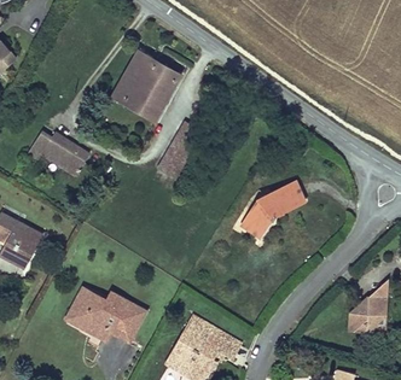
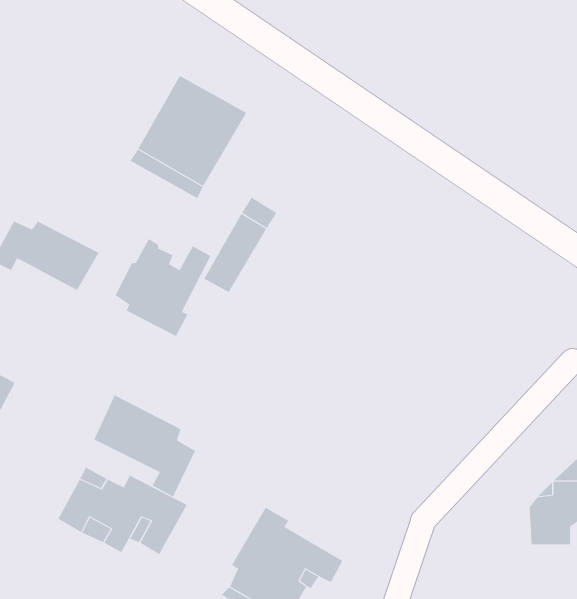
building: none -> [115,238,211,337]
building: [240,179,304,234] -> none
building: none -> [94,394,196,497]

